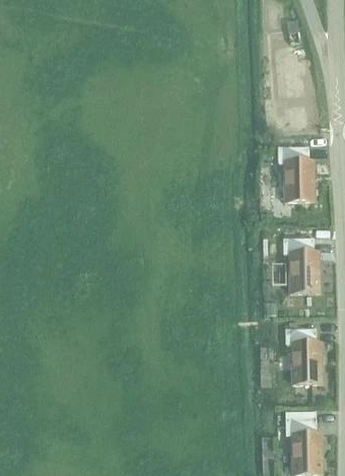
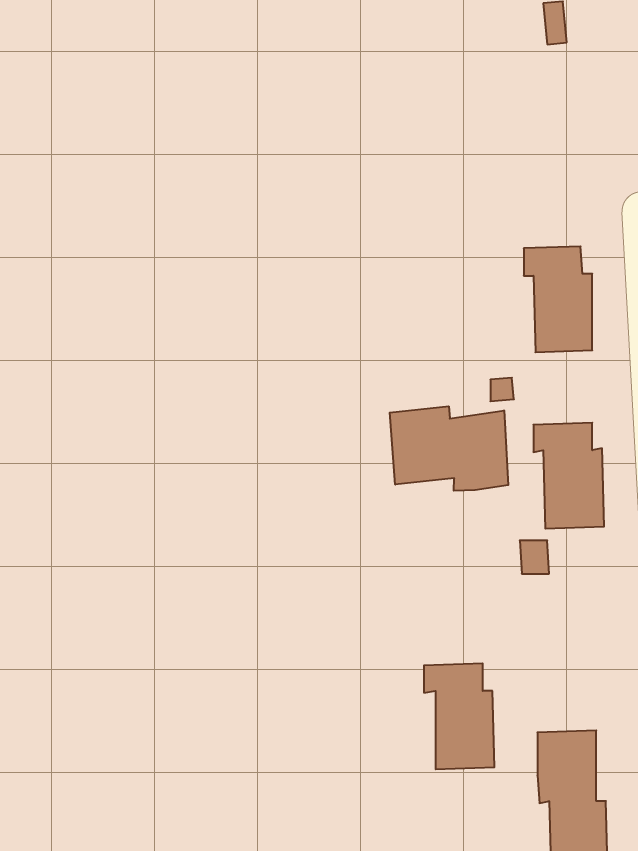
building: none -> [390,406,508,491]
building: [284,330,321,385] -> [424,663,494,769]

